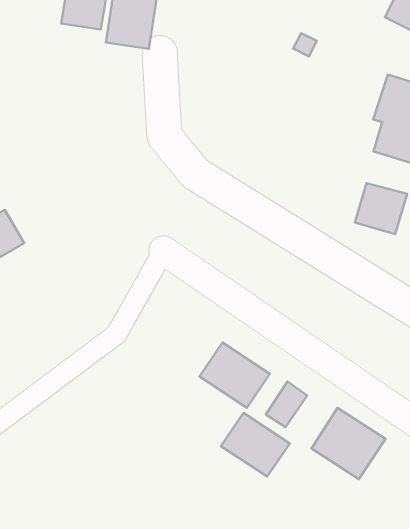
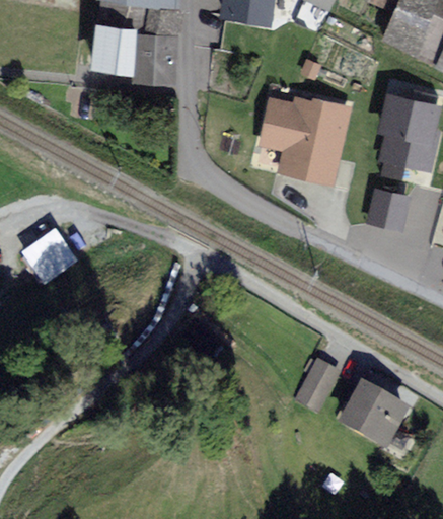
building: none -> [256,95,348,184]
building: [199,343,270,408] -> none
building: [221,413,290,477] -> none

